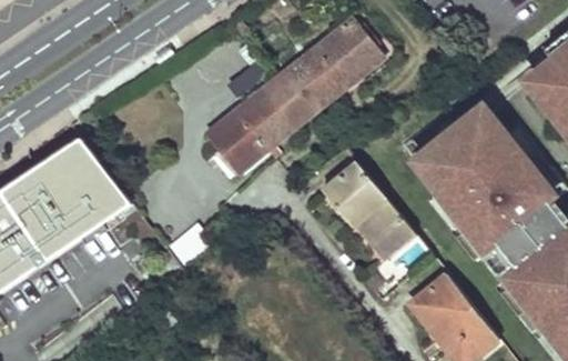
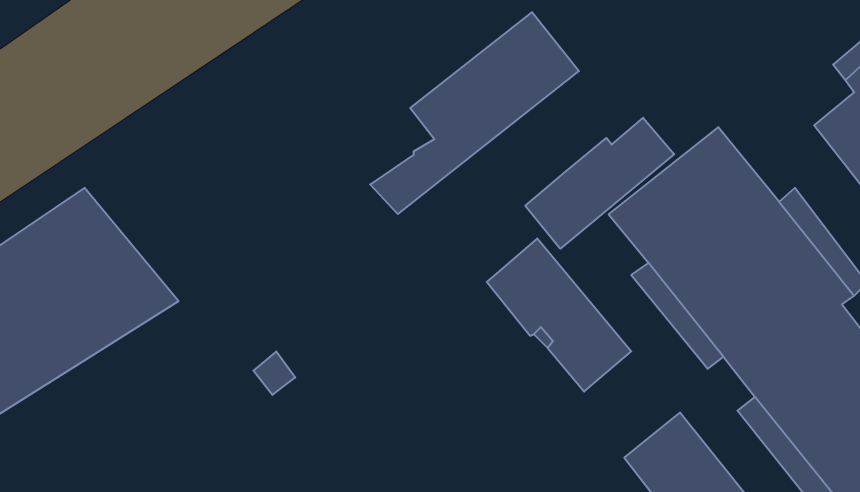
building: [207,81,292,173] -> none
building: none -> [525,118,674,249]

